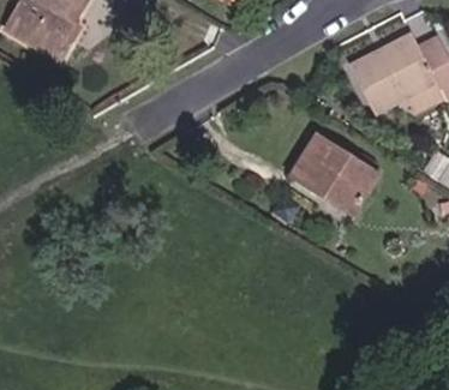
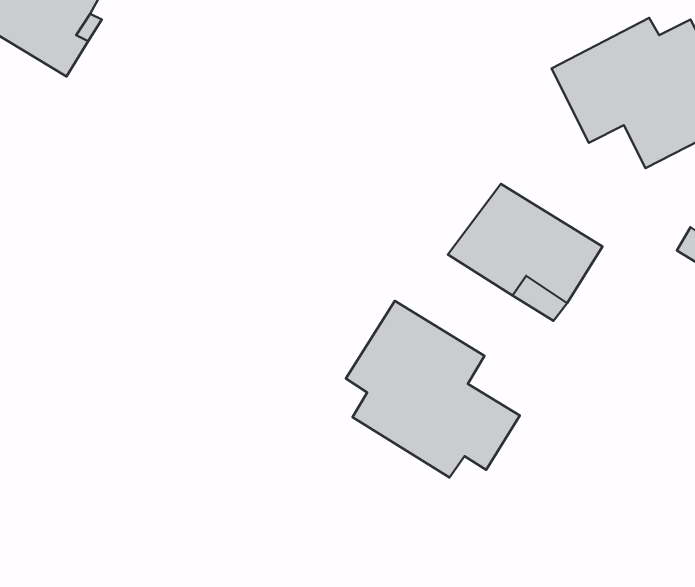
building: none -> [346,301,520,477]

